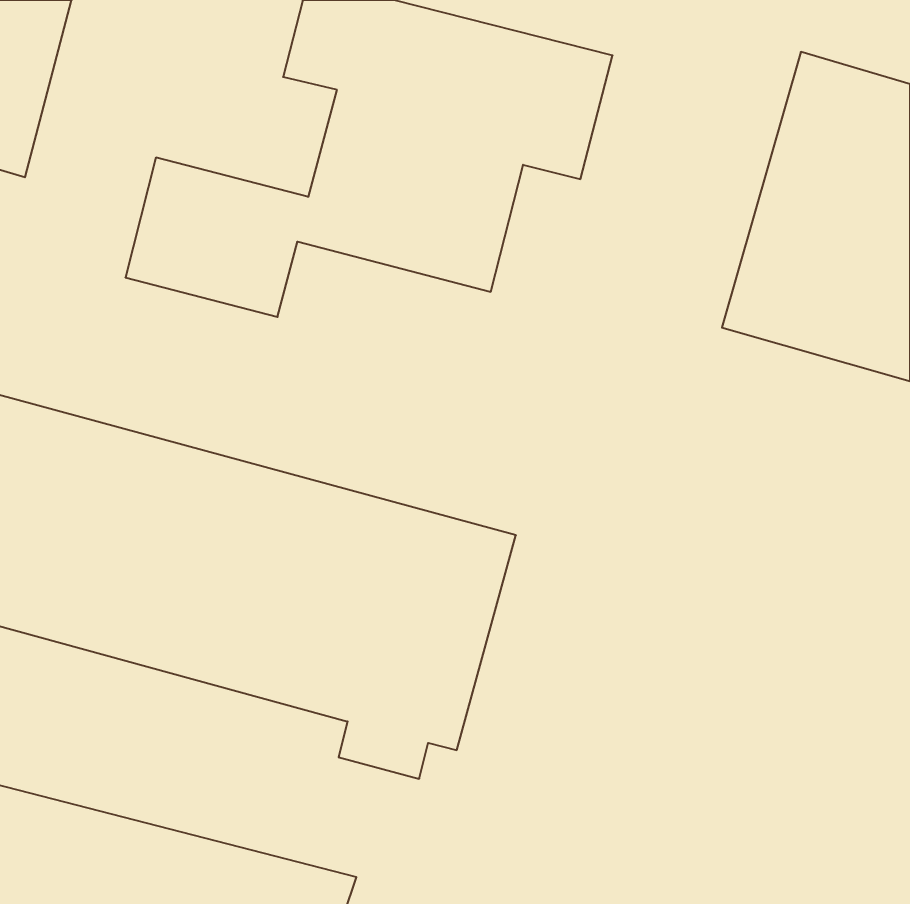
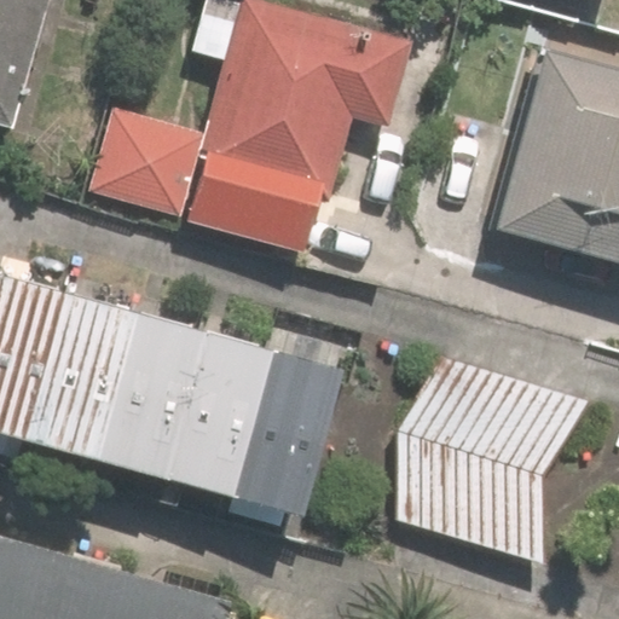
building: none -> [393,364,585,562]

